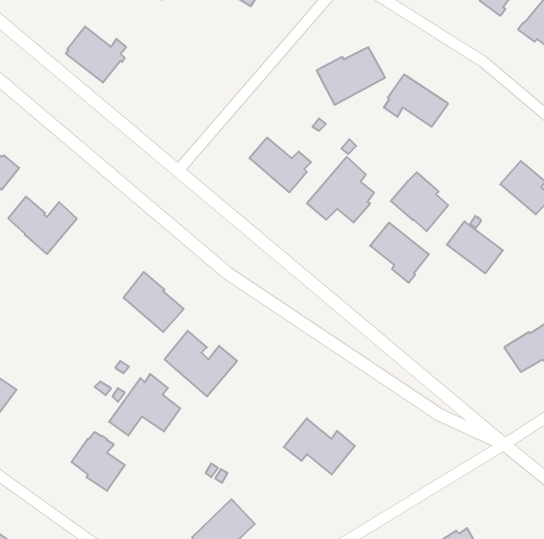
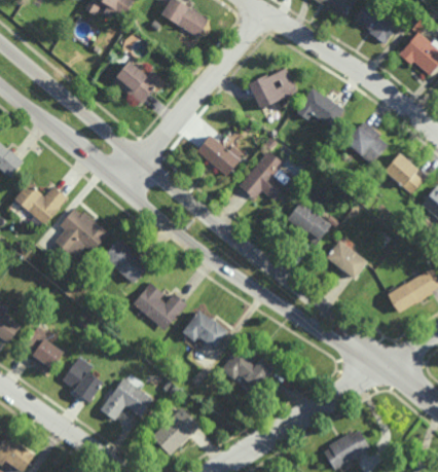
building: [66,26,126,83] -> [112,62,157,104]
building: [391,172,448,231] -> [345,120,389,165]
building: [447,221,503,273] -> [326,240,368,279]
building: none -> [56,208,108,257]
building: none -> [182,310,228,348]
building: [109,374,180,436] -> [101,373,154,420]
building: none -> [20,325,65,373]

